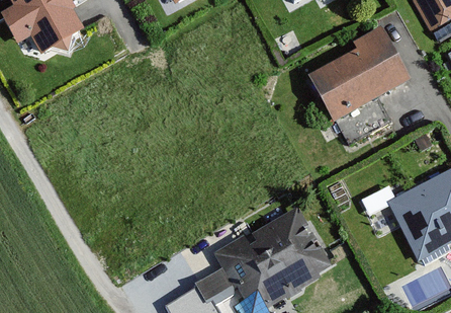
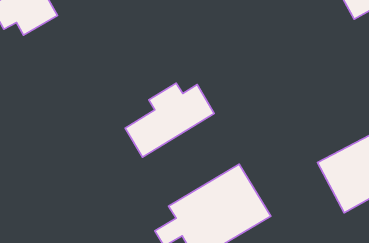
building: [311,26,409,118] -> none
building: none -> [125,83,214,157]

